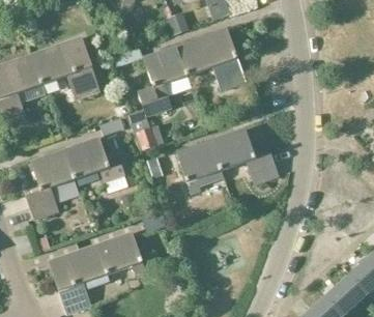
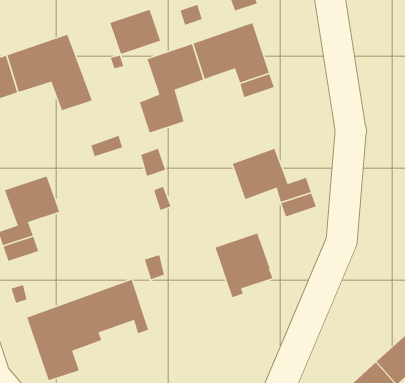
building: none -> [109,9,161,55]
building: [65,137,114,180] -> none
building: [177,140,224,192] -> [215,233,274,298]

